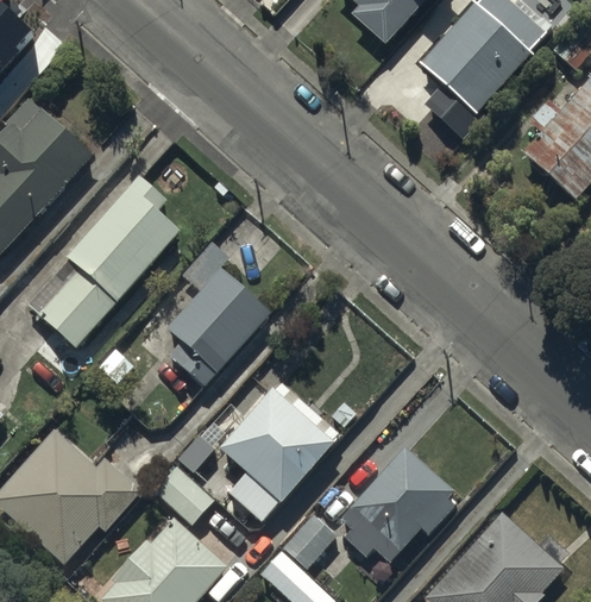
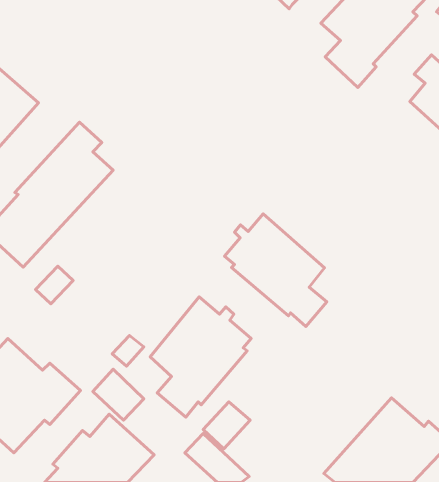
building: [162,242,269,387] -> none
building: none -> [224,214,327,327]
building: [340,447,454,564] -> none

